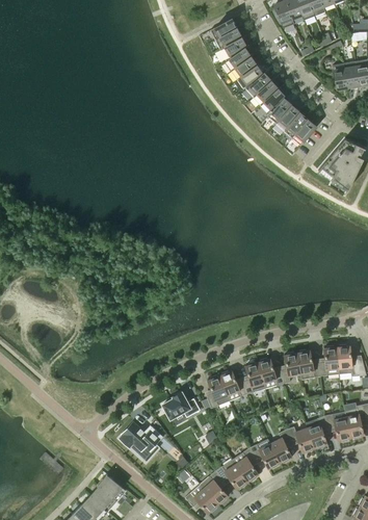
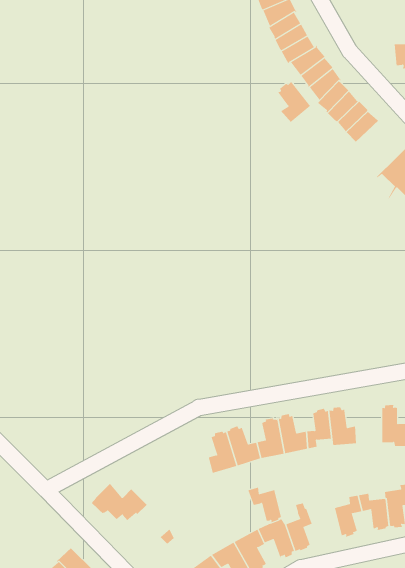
building: none -> [278,81,311,123]
building: [318,346,339,376] -> none
building: [162,392,200,419] -> none
building: [286,426,314,453] -> [248,487,282,523]

